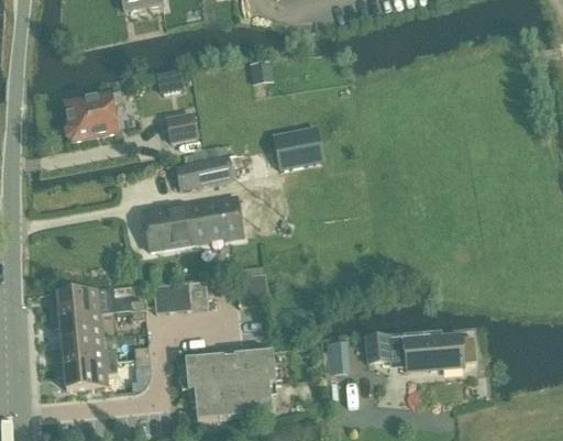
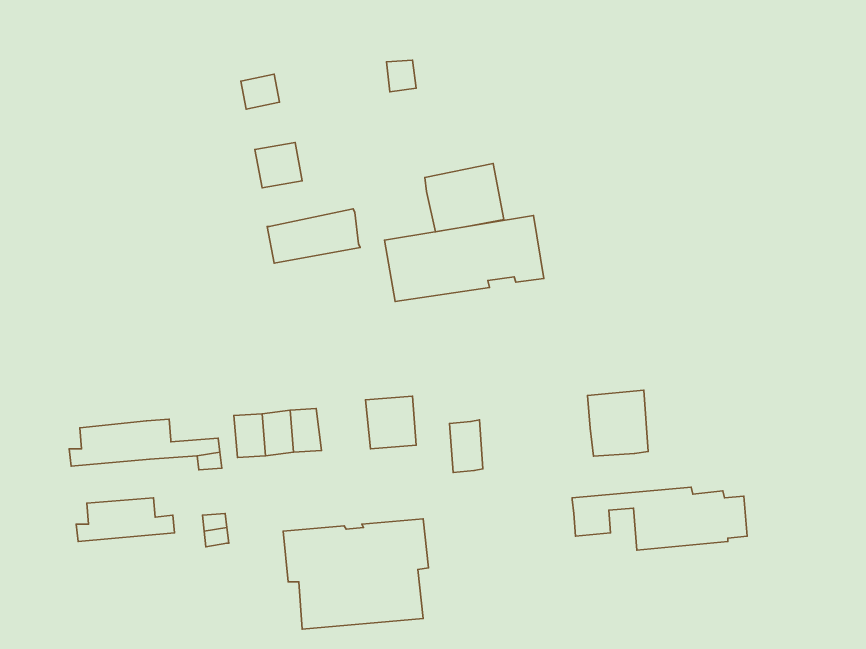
building: [65,92,123,141] -> none
building: [143,196,243,250] -> [385,216,544,301]
building: none -> [587,390,648,456]
building: [52,312,103,340] -> none
building: [327,341,347,374] -> [450,420,483,472]
building: [56,359,118,388] -> none

